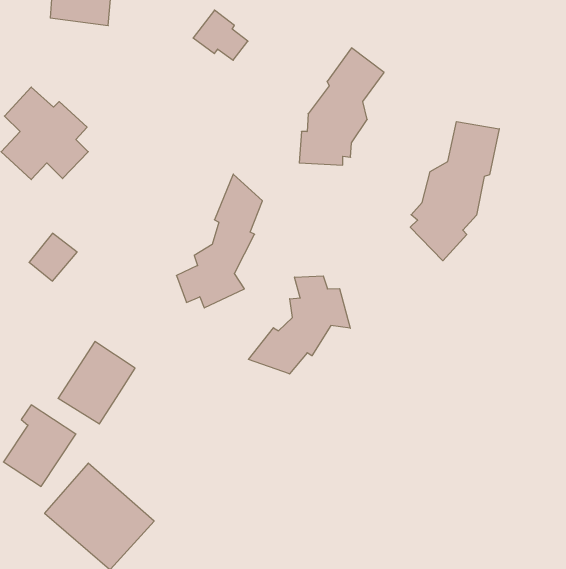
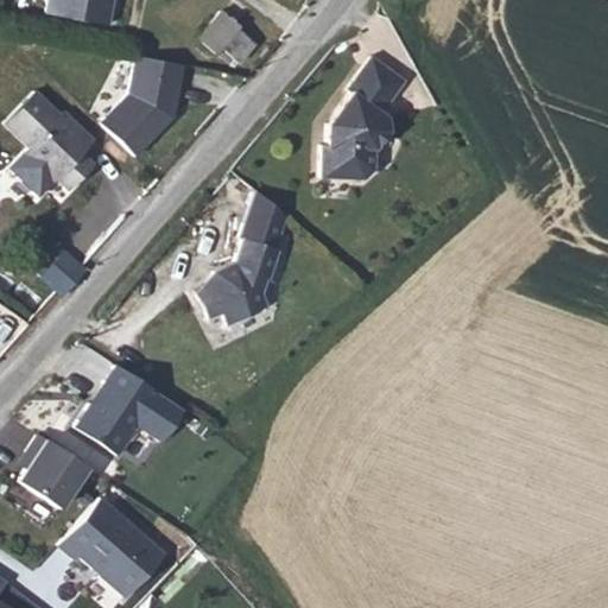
building: none -> [107,51,189,154]
building: [410,122,499,261] -> none
building: [248,276,350,374] -> none
building: none -> [132,392,180,438]

